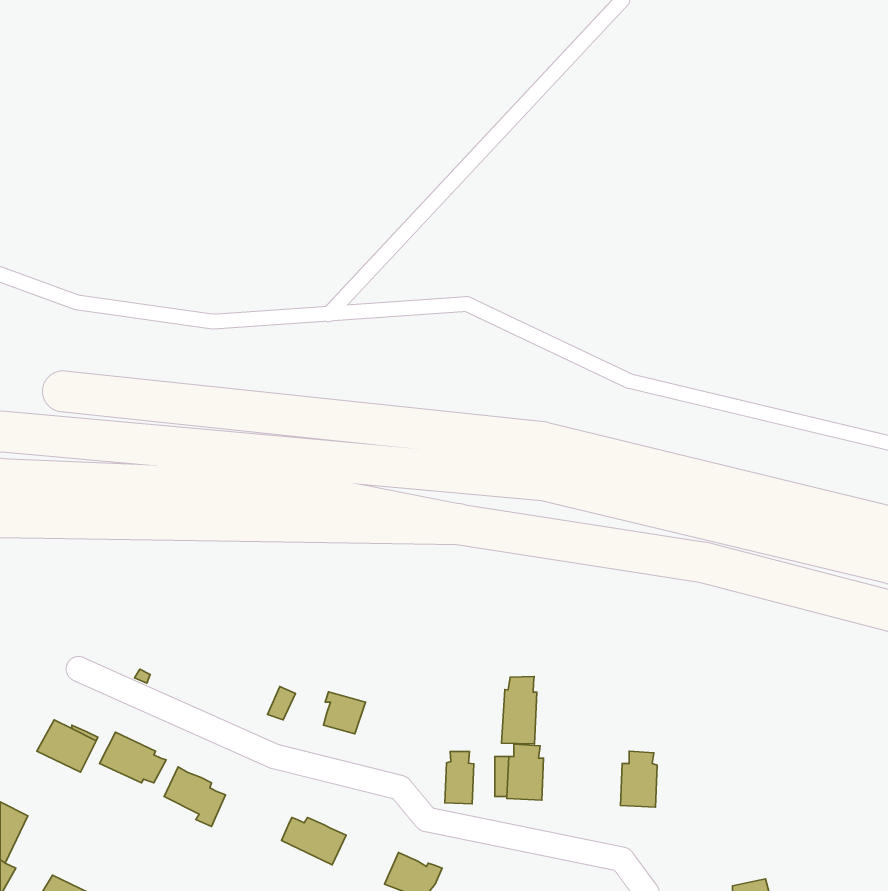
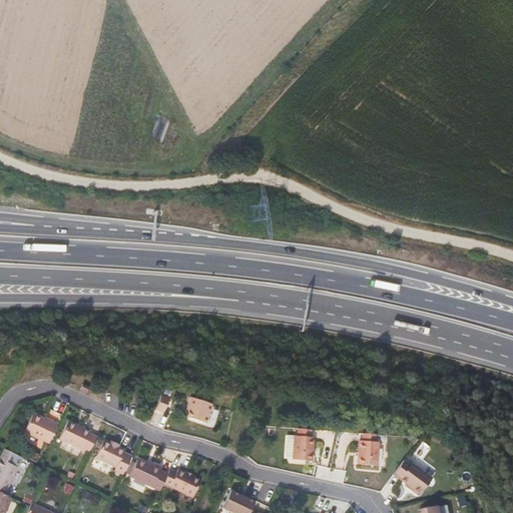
building: [502,677,537,744] -> none
building: [445,751,474,804] -> none
building: none -> [395,459,434,492]
building: none -> [130,460,168,491]

